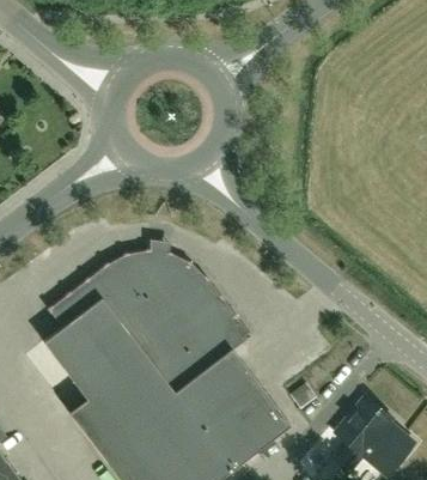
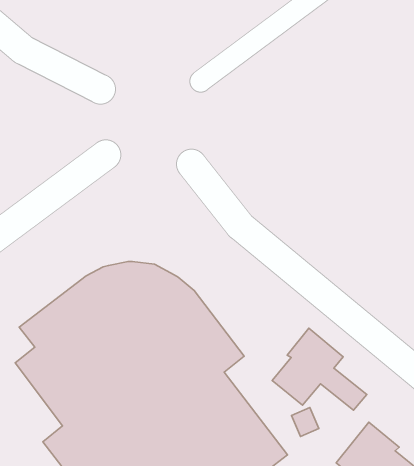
building: none -> [272,328,367,410]

